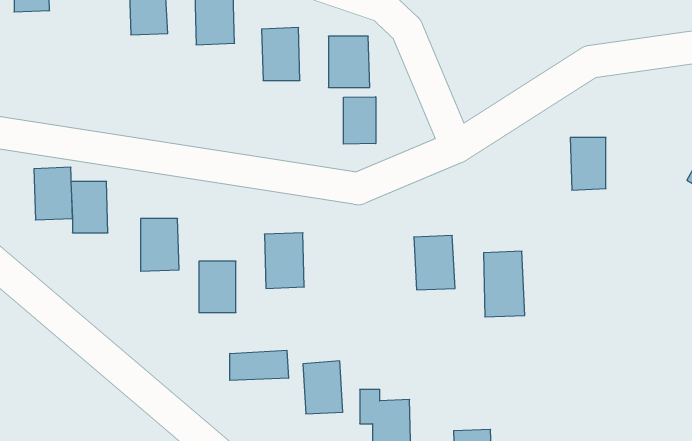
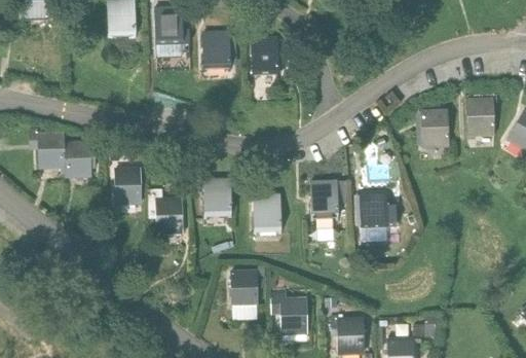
building: [344,97,376,144] -> none
building: none -> [468,98,495,136]
building: none -> [253,193,281,235]
building: [230,350,288,380] -> none

